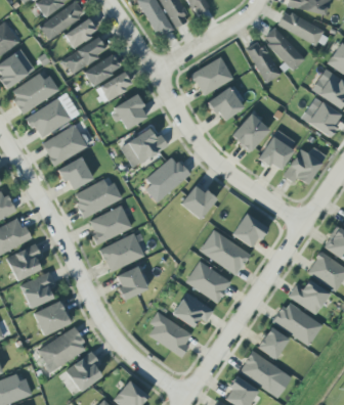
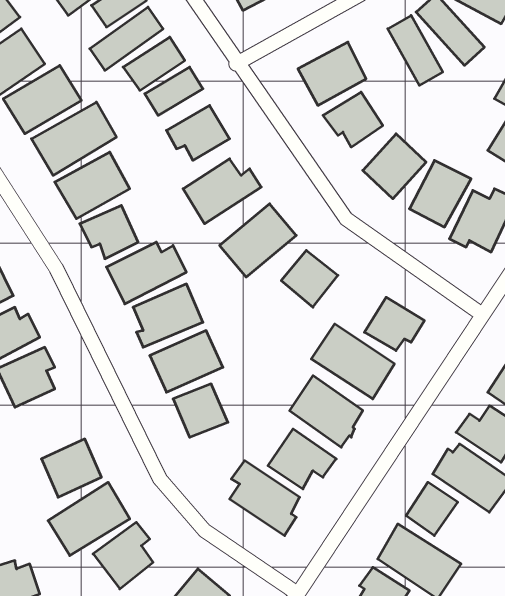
building: [20,272,55,308] -> none

